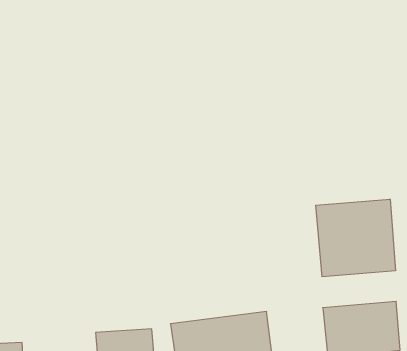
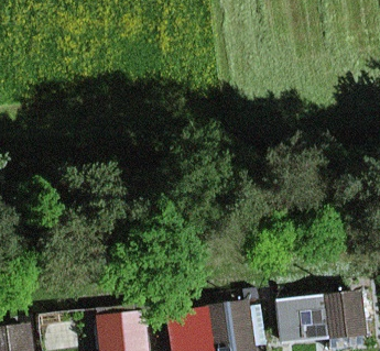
building: [316,199,395,277] -> none

